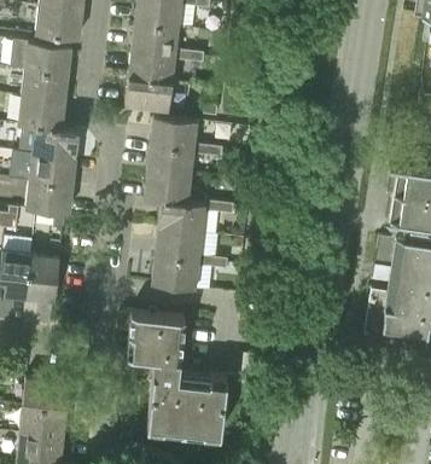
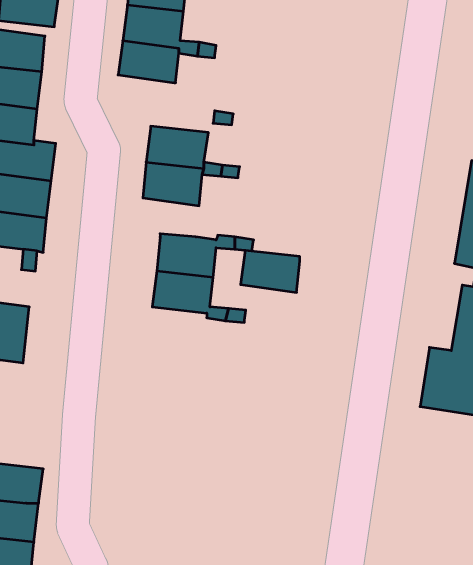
building: [127,79,173,112] -> none
building: [145,174,192,204] -> none
building: [152,259,198,291] -> [241,250,300,292]
building: [127,313,227,439] -> none

